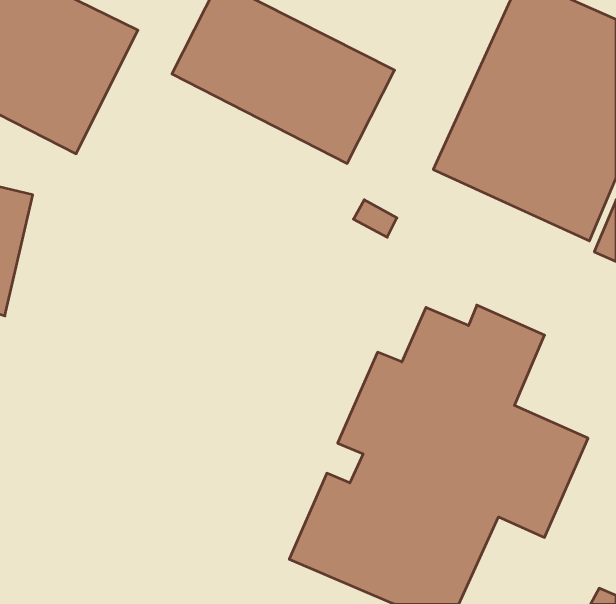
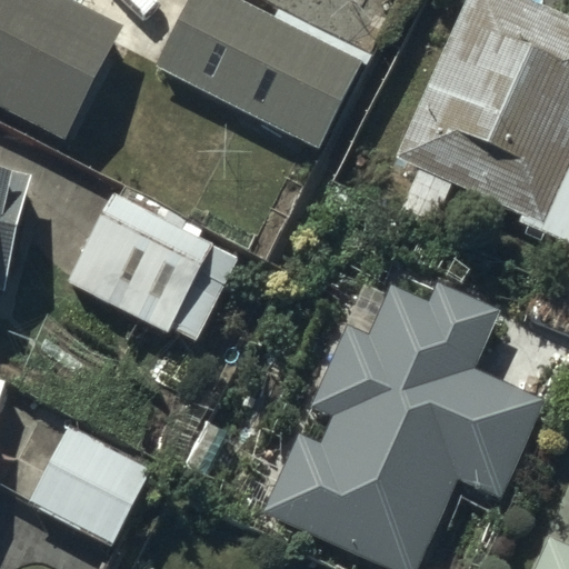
building: none -> [68,194,237,338]
building: none -> [34,430,153,542]

